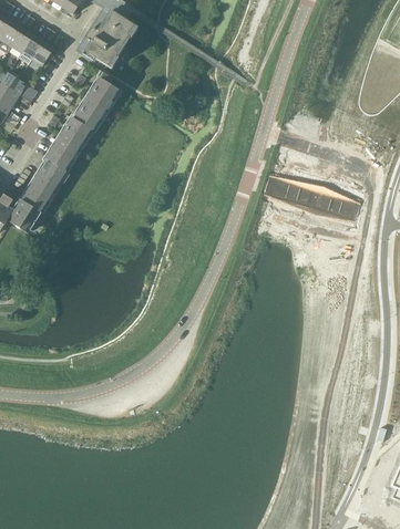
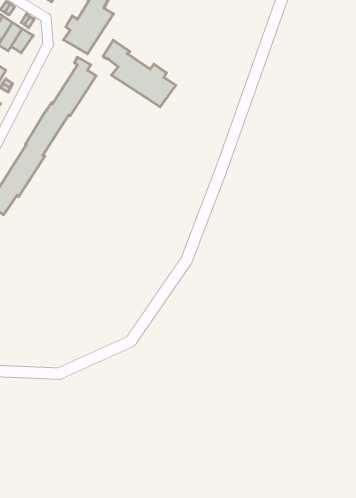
building: none -> [103,40,176,107]

